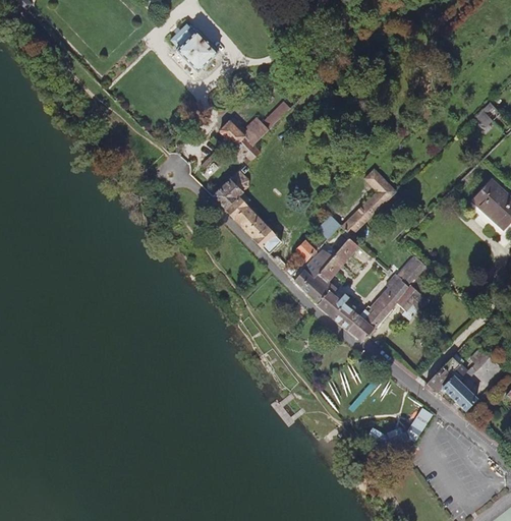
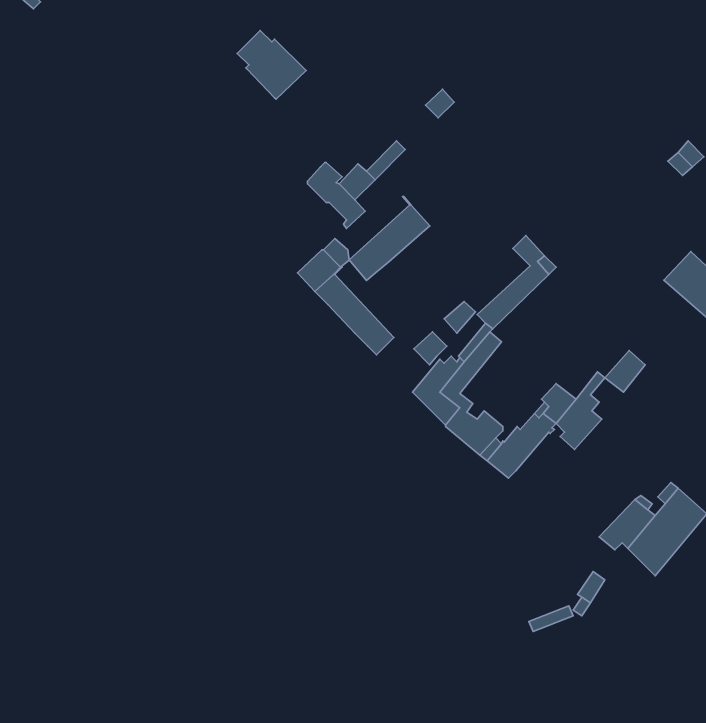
building: none -> [349,196,430,280]
building: [397,255,425,285] -> [605,350,645,392]

